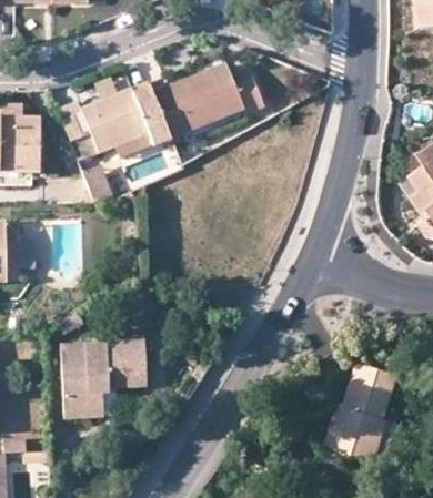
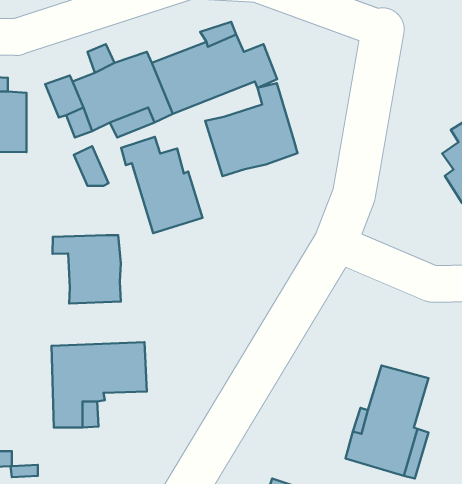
building: none -> [205,83,297,176]
building: none -> [121,137,203,233]
building: none -> [53,235,121,303]

